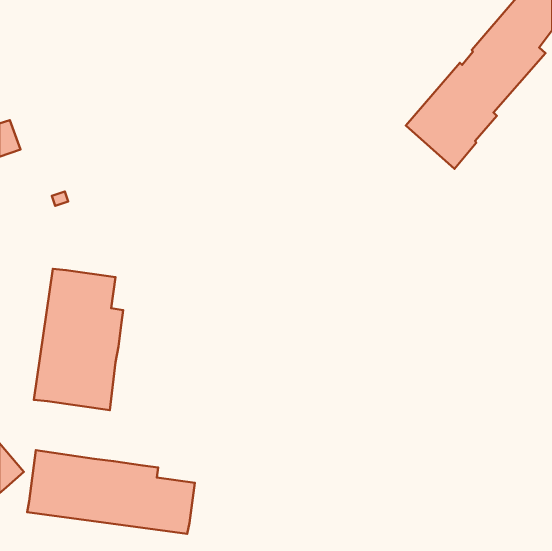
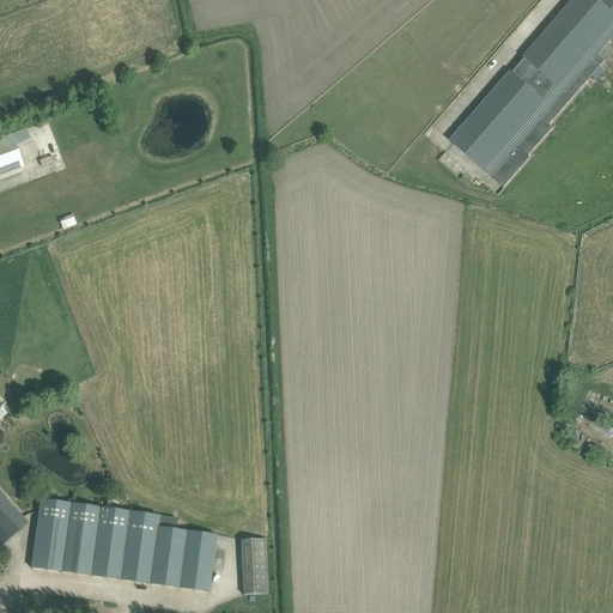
building: [34,269,123,410] -> none
building: none -> [239,538,267,594]

